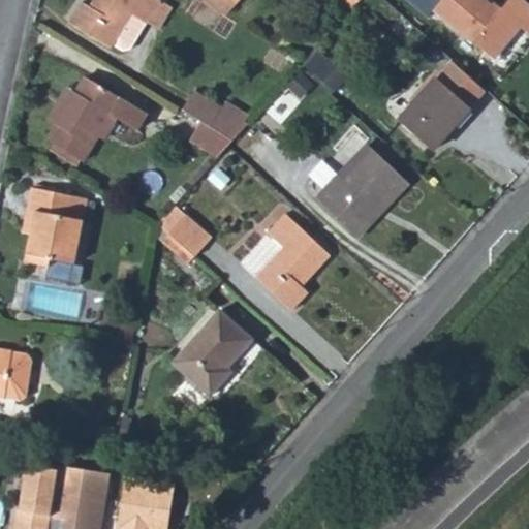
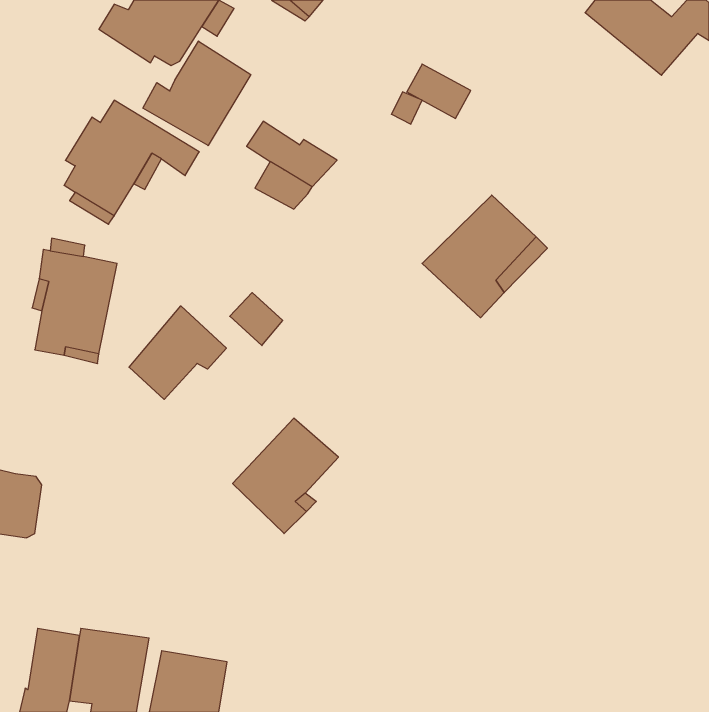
building: none -> [143,41,251,146]
building: [398,62,487,149] -> none
building: [256,214,329,310] -> none
building: none -> [129,306,226,399]

